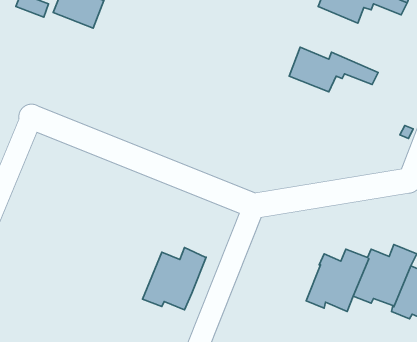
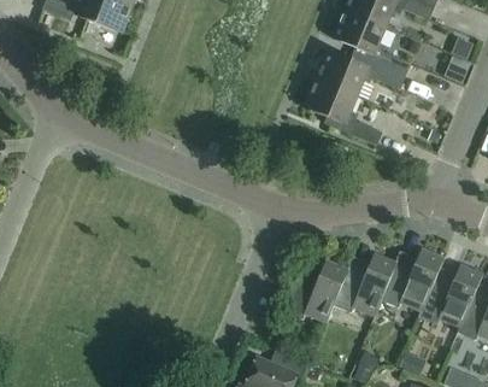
building: none -> [334,10,411,76]
building: none -> [305,80,382,145]
building: [142,247,206,310] -> [284,259,348,322]

